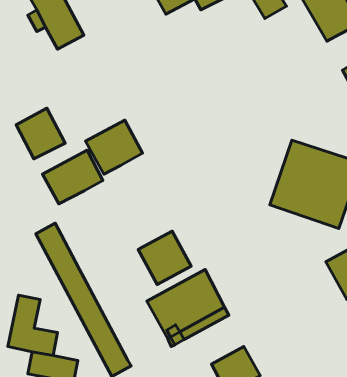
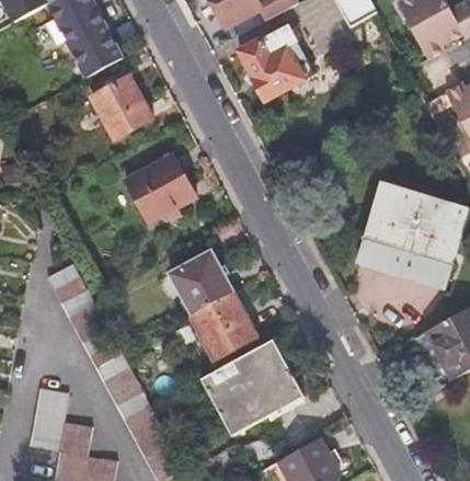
building: none -> [241,23,319,100]
building: [16,108,65,159] -> [93,77,154,140]
building: [43,150,103,204] -> none
building: none -> [169,252,232,317]

